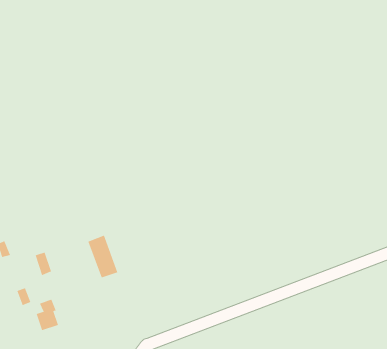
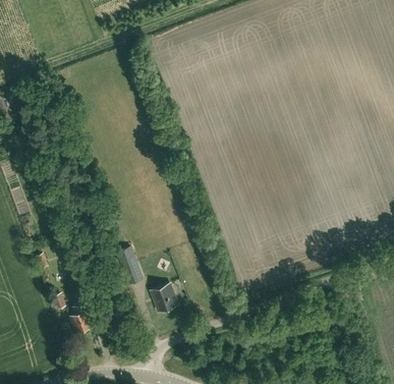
building: none -> [151,284,176,312]

